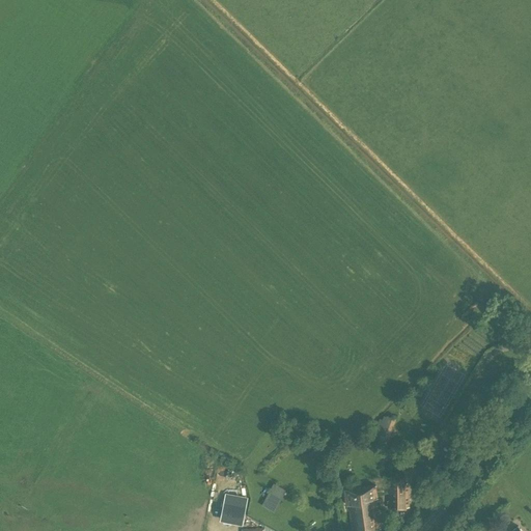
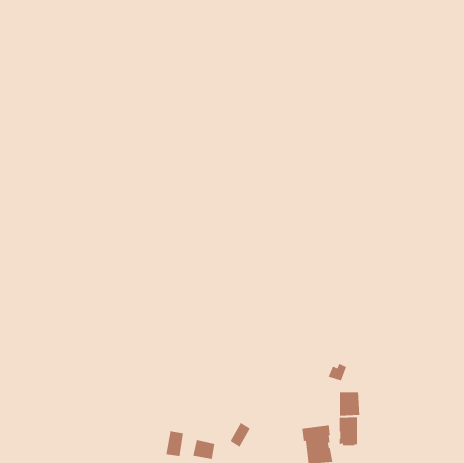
building: none -> [339,391,360,416]
building: none -> [166,430,183,457]

